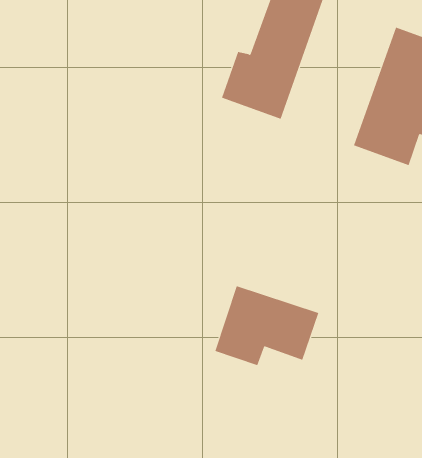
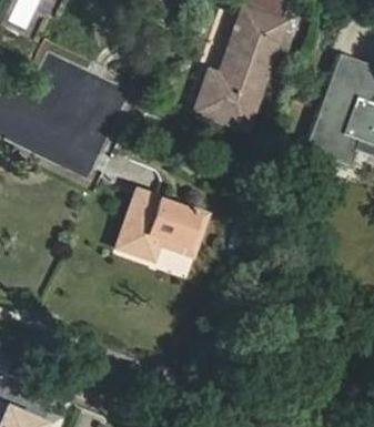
building: [214,286,319,366] -> [119,193,204,258]

